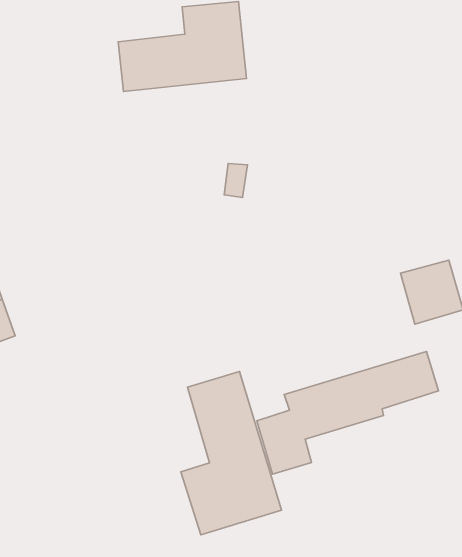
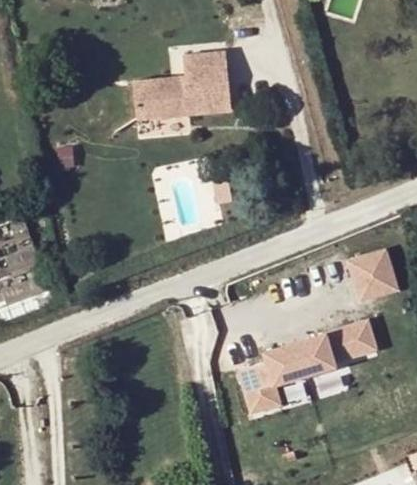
building: [181,371,281,535] -> none

